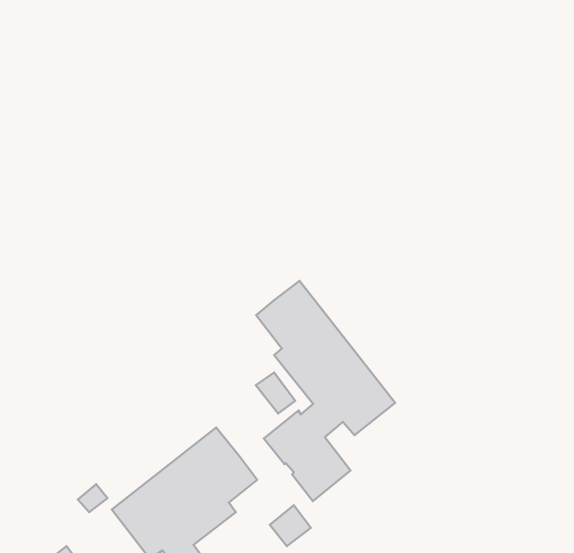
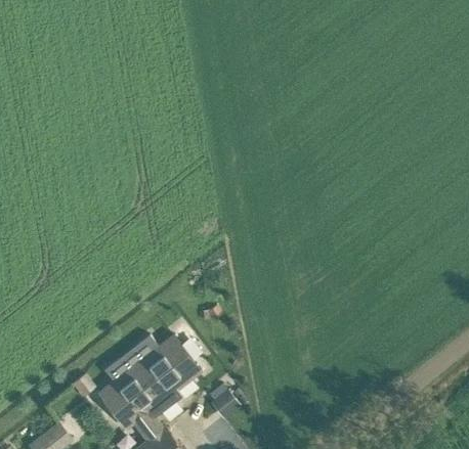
building: [256,281,395,501] -> none

